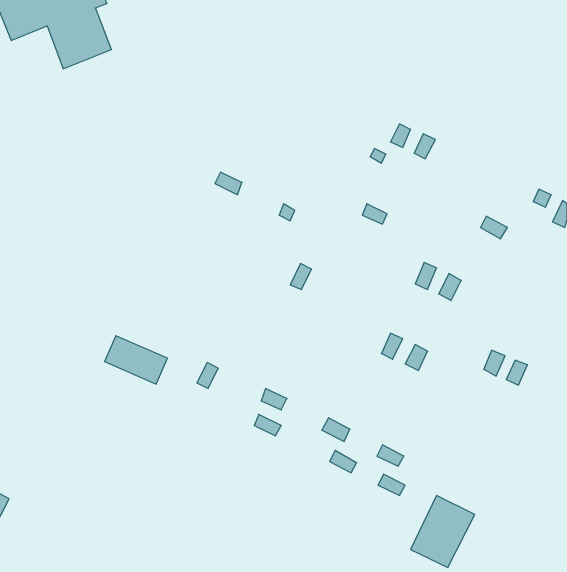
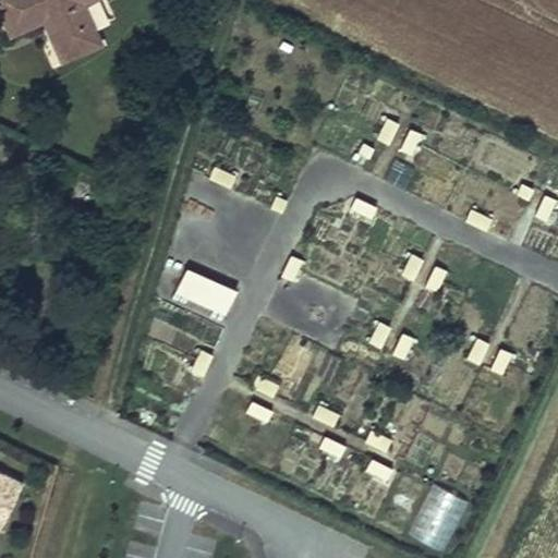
building: [104,336,167,384] -> [175,267,236,314]

